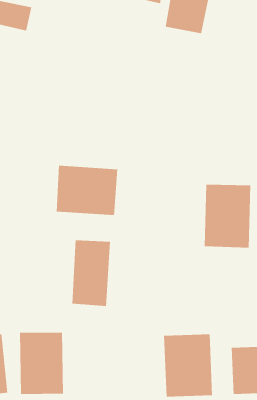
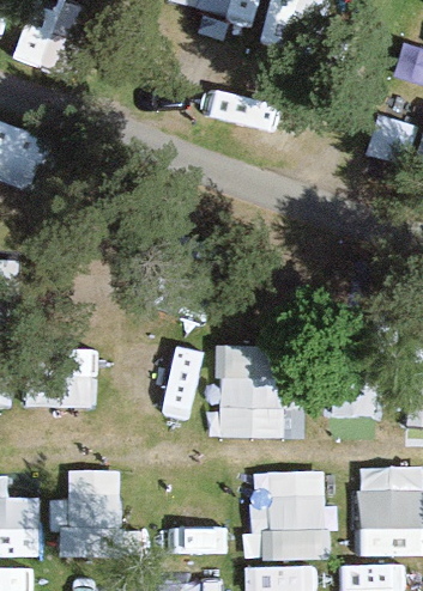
building: [56,165,118,216] -> none
building: [204,184,251,248] -> [213,349,279,439]

